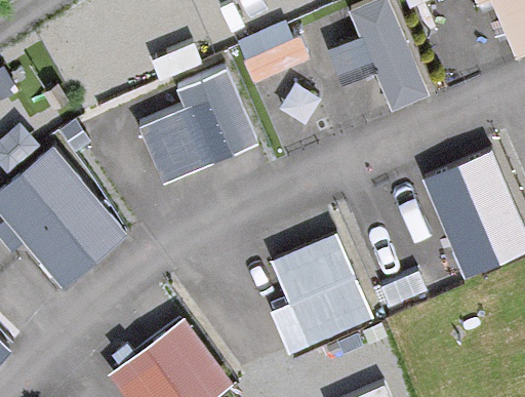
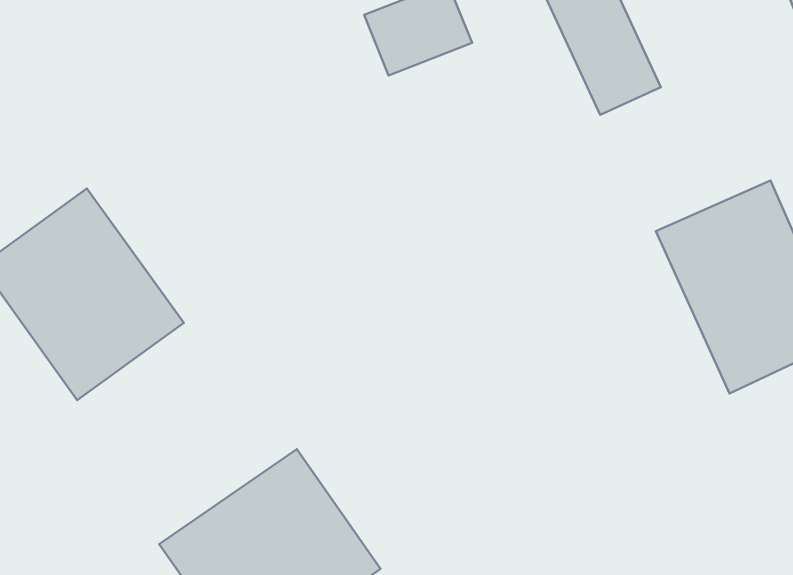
building: [137,64,259,185] -> none
building: [267,230,373,349] -> none

